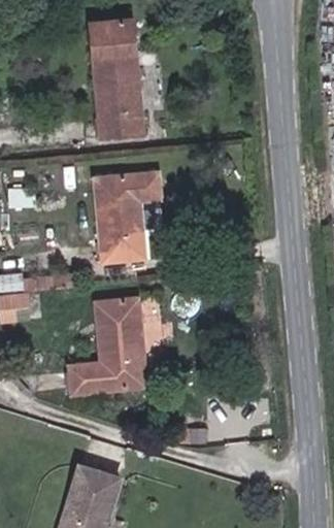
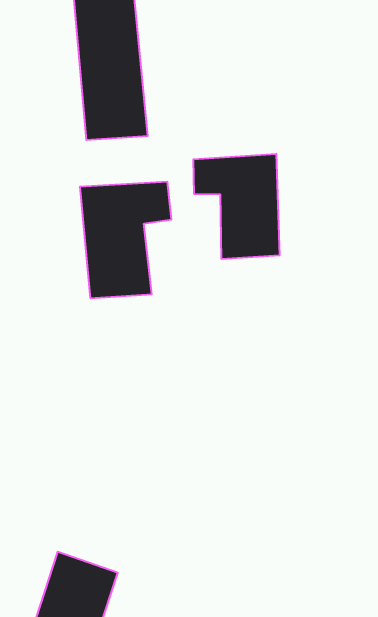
building: none -> [193,154,280,259]
building: [67,297,147,397] -> none

